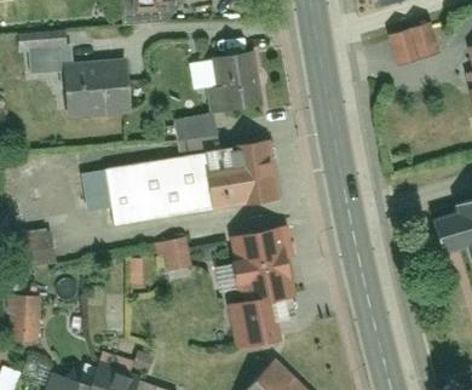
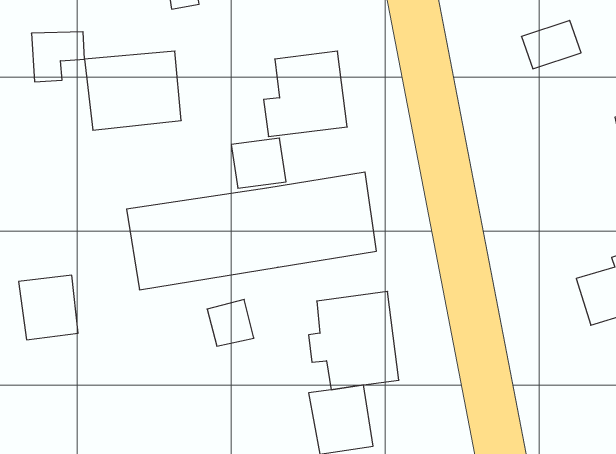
building: [11,294,40,338] -> none

